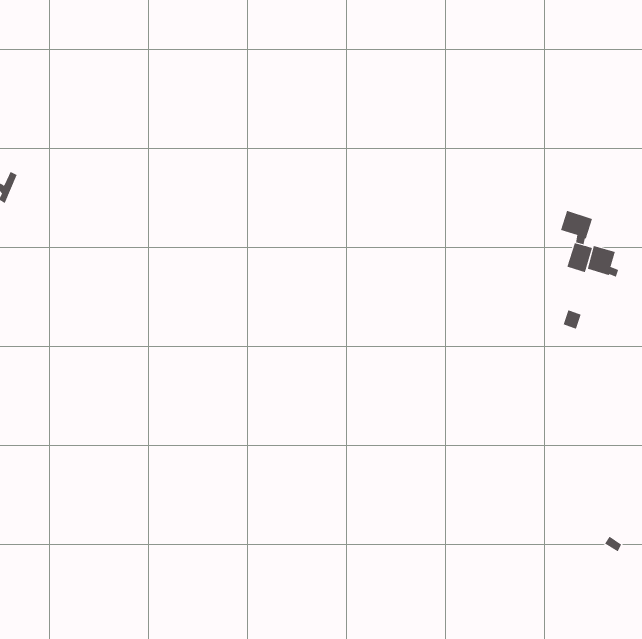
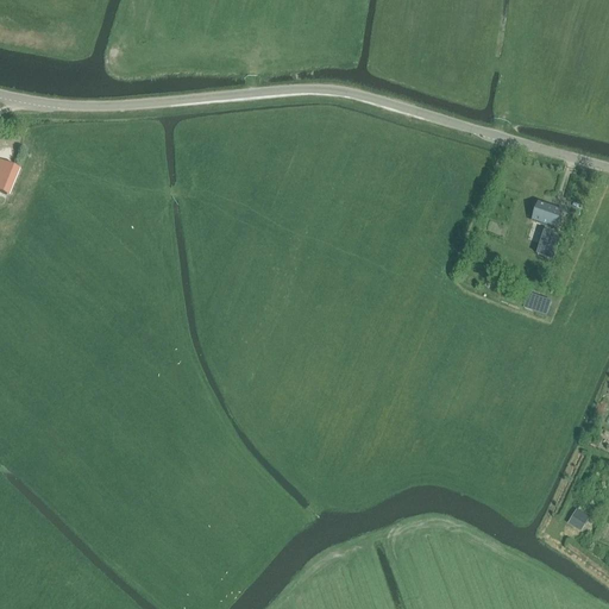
building: [587,245,619,277] -> none

